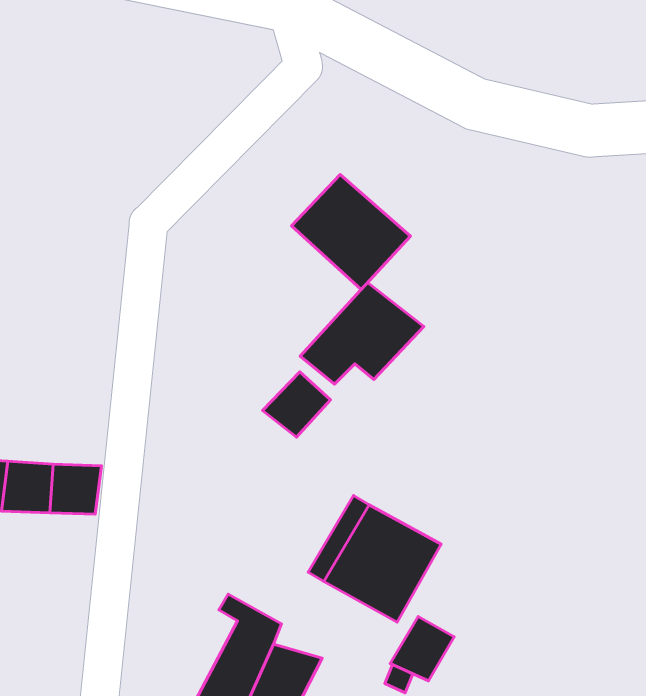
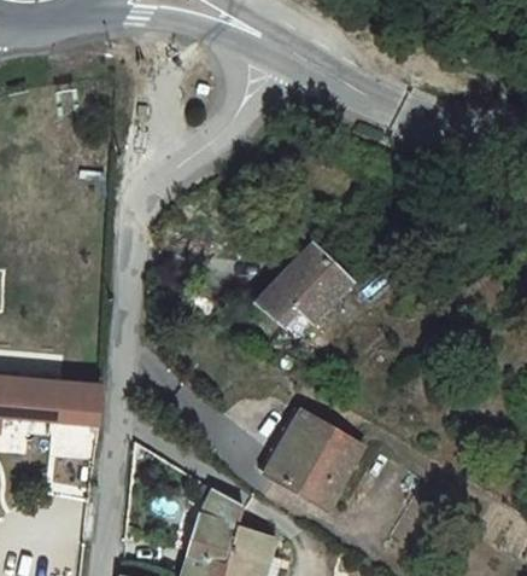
building: [292,174,410,290] -> none
building: [262,372,330,437] -> none
building: [390,617,454,681] -> none

